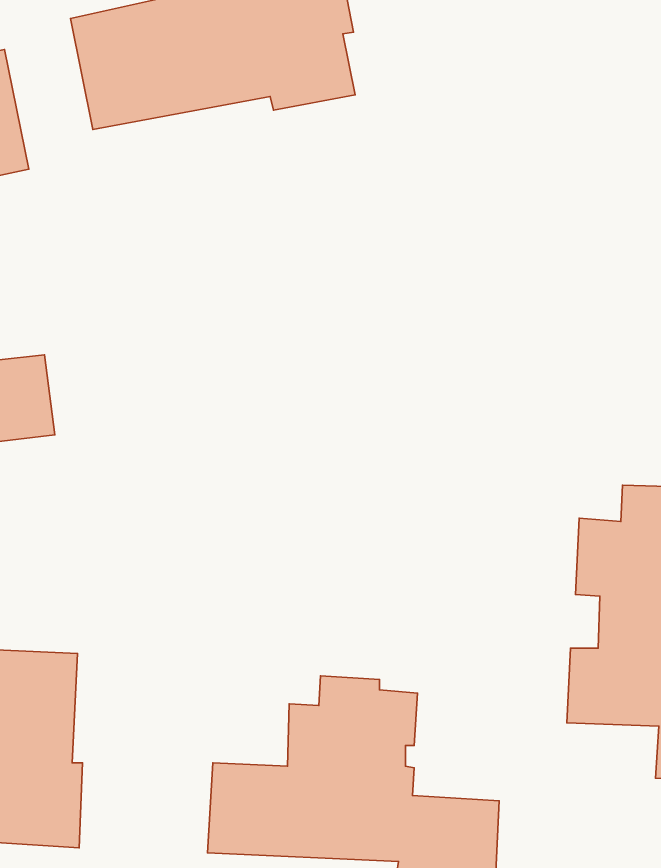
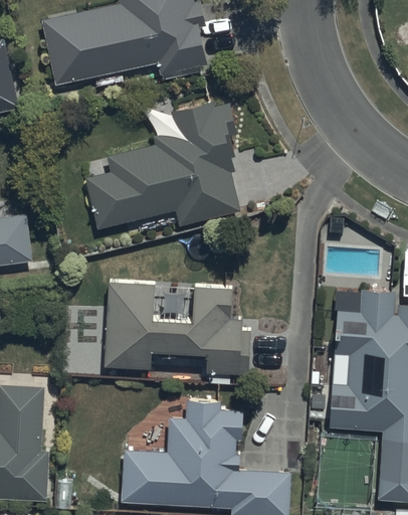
building: none -> [85,104,240,226]
building: none -> [104,285,250,377]

